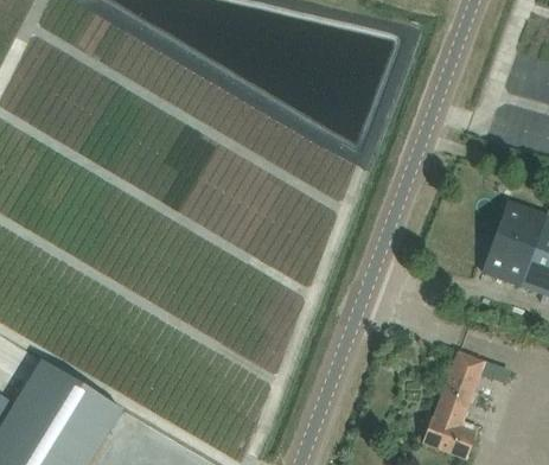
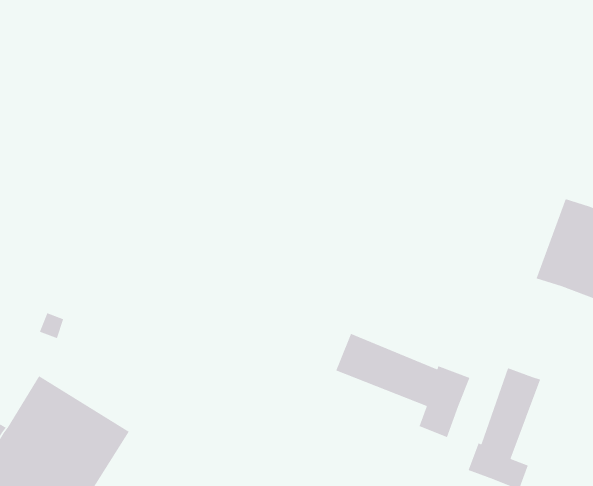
building: none -> [335,333,470,438]

